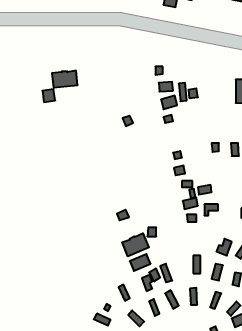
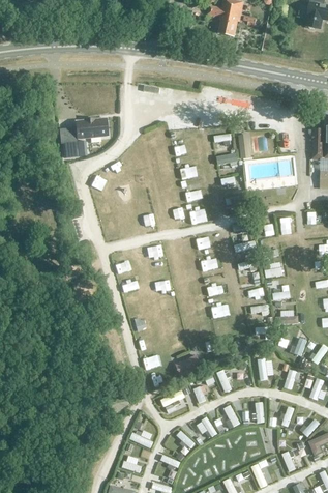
building: [122,233,149,256] -> none

